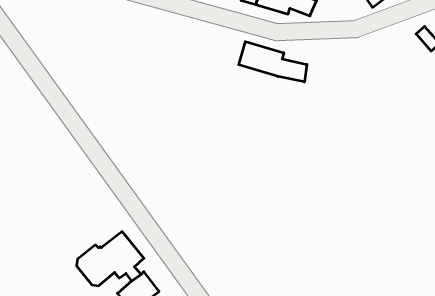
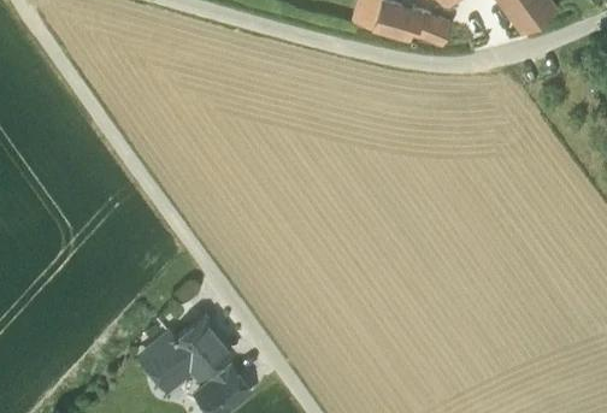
building: [239,42,307,82] -> none

